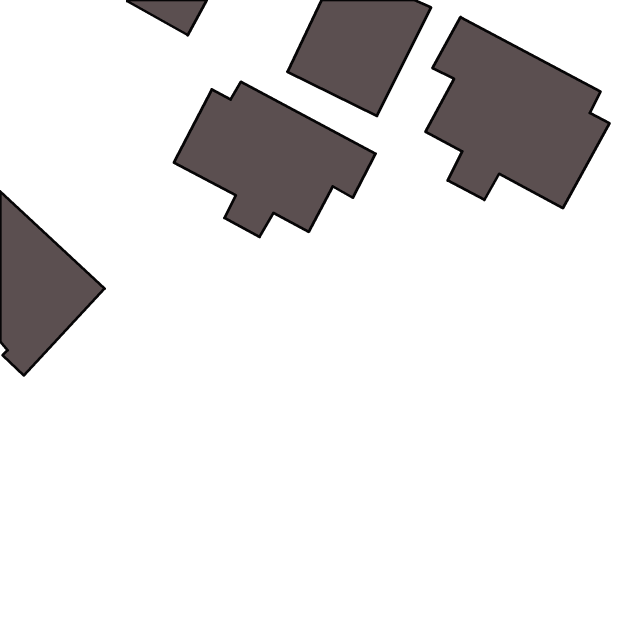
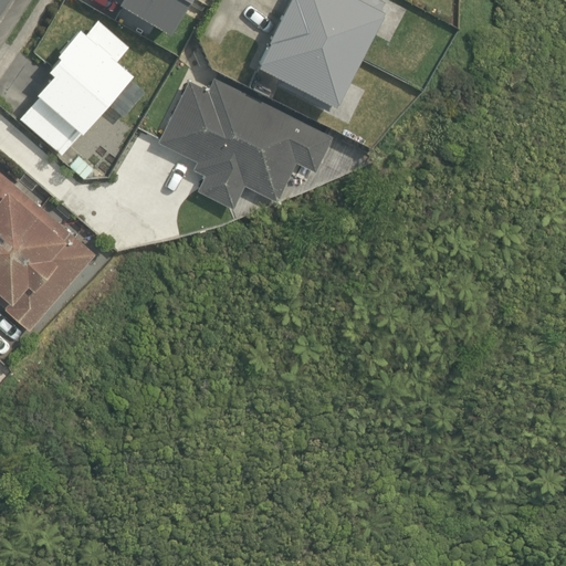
building: [426,17,609,208] -> none
building: none -> [18,20,133,155]

